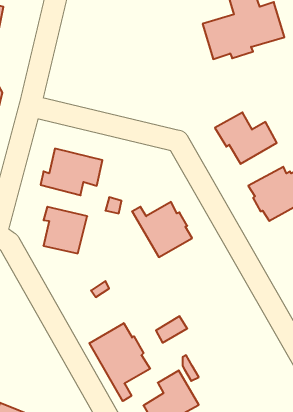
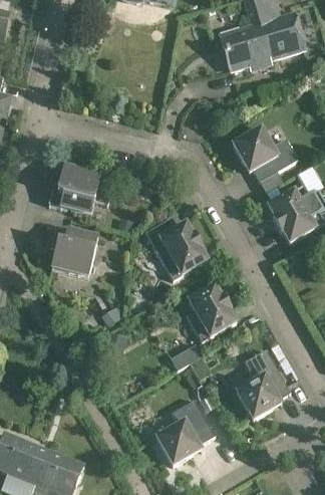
building: none -> [186,284,236,341]
building: none -> [236,349,290,419]
building: [89,323,150,401] -> none

